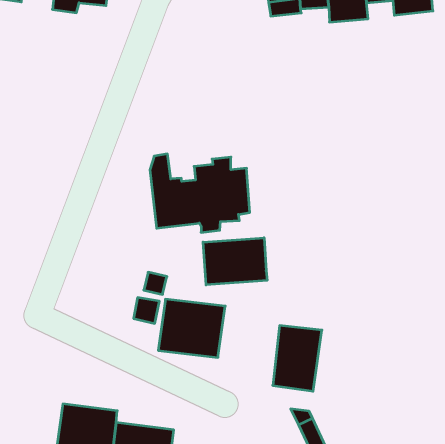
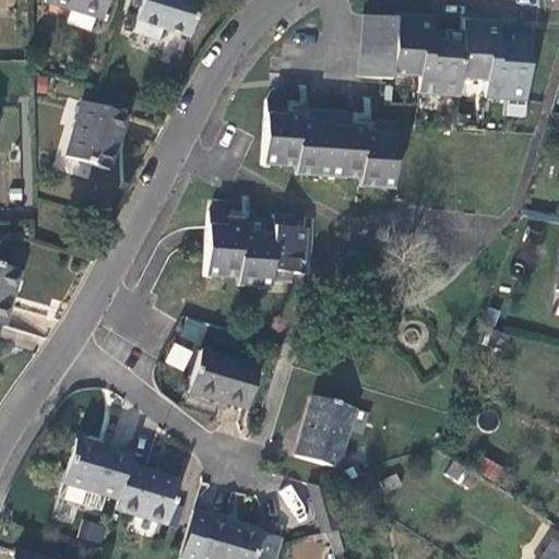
building: none -> [263,88,396,187]
building: none -> [70,102,130,169]
building: [203,238,267,285] -> none

